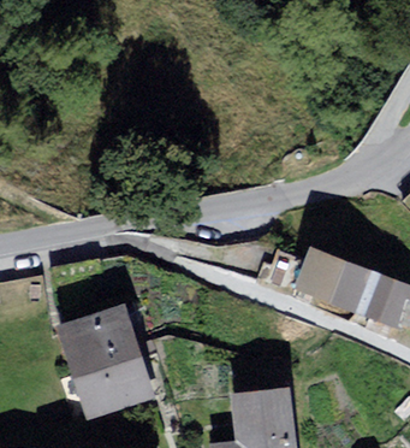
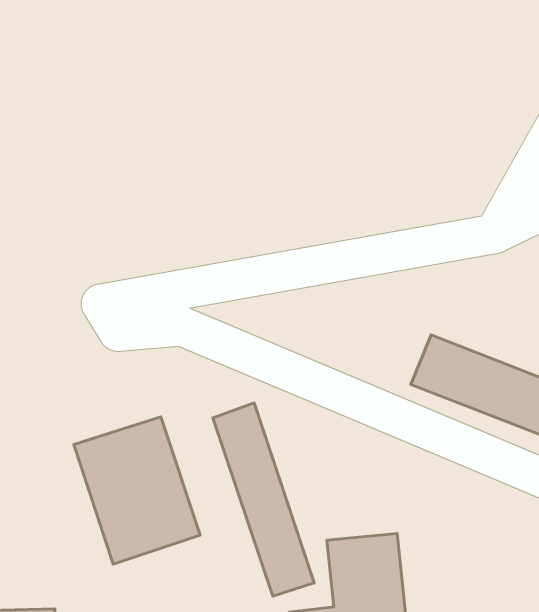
building: none -> [213,403,314,596]

